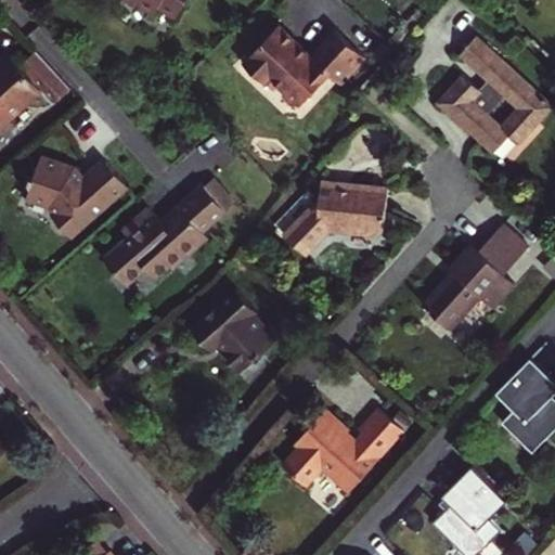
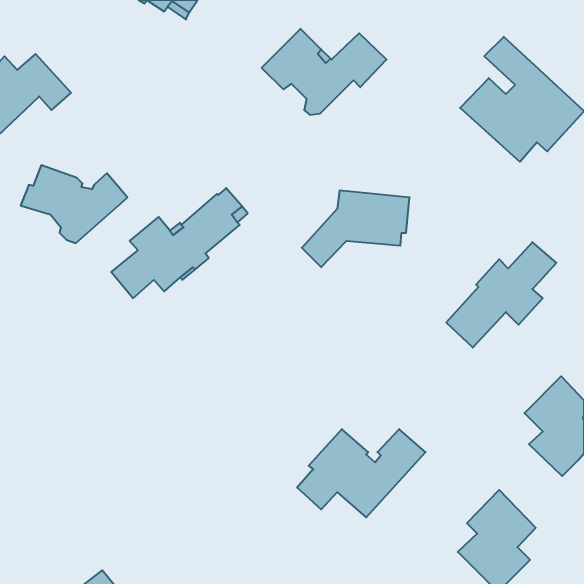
building: [192,289,276,372] -> none

